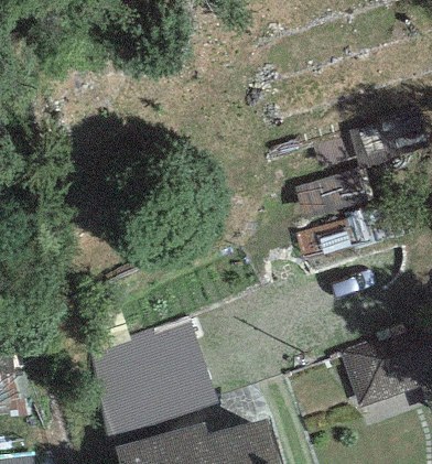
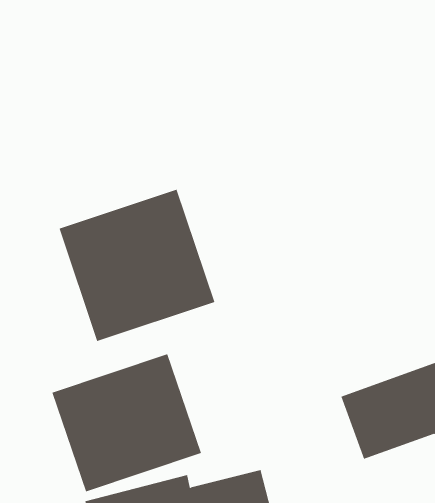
building: none -> [59,189,215,342]

